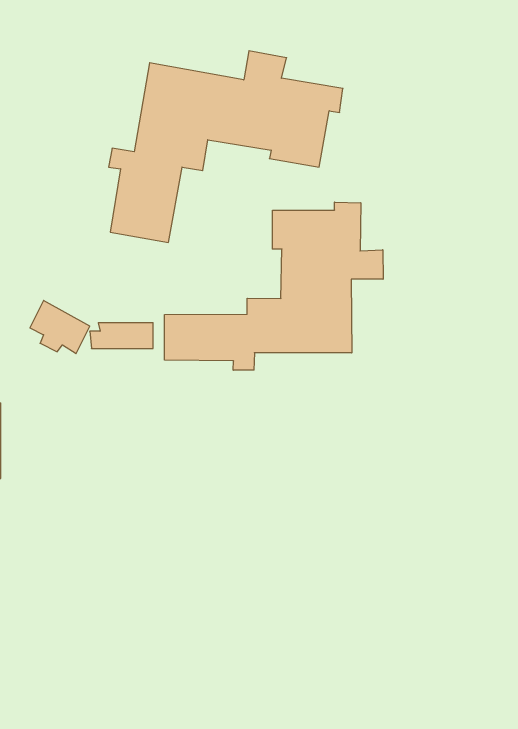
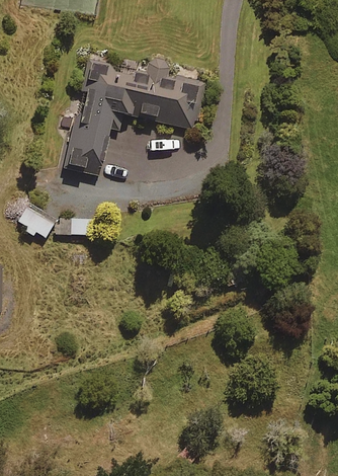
building: [165,202,383,370] -> none

